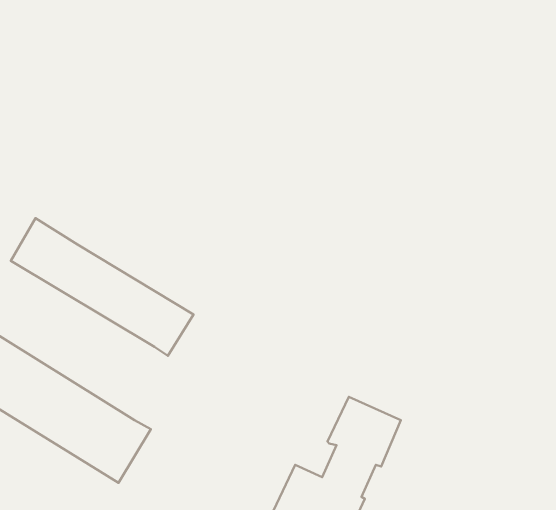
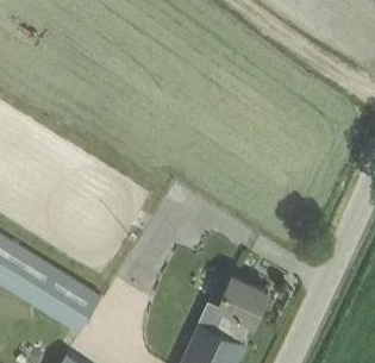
building: [11,218,193,356] -> none

